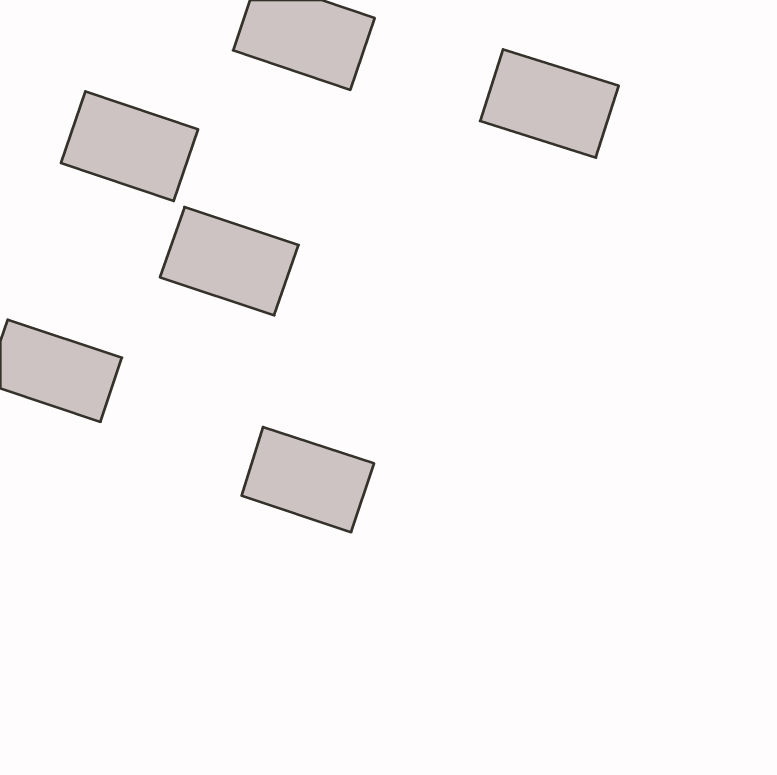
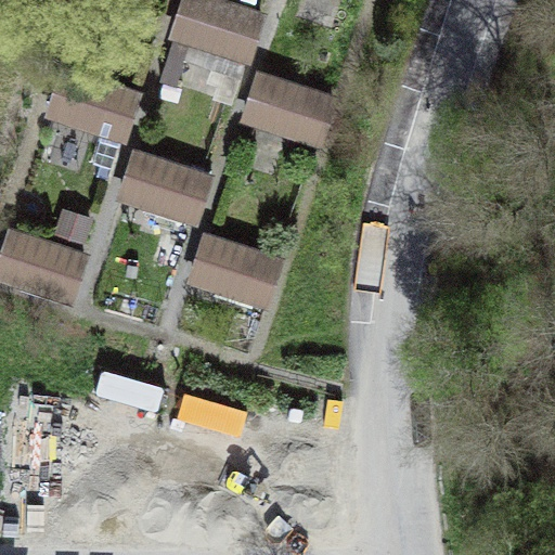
building: [480,49,619,158] -> [240,72,338,149]
building: [242,427,374,532] -> [189,234,283,309]

